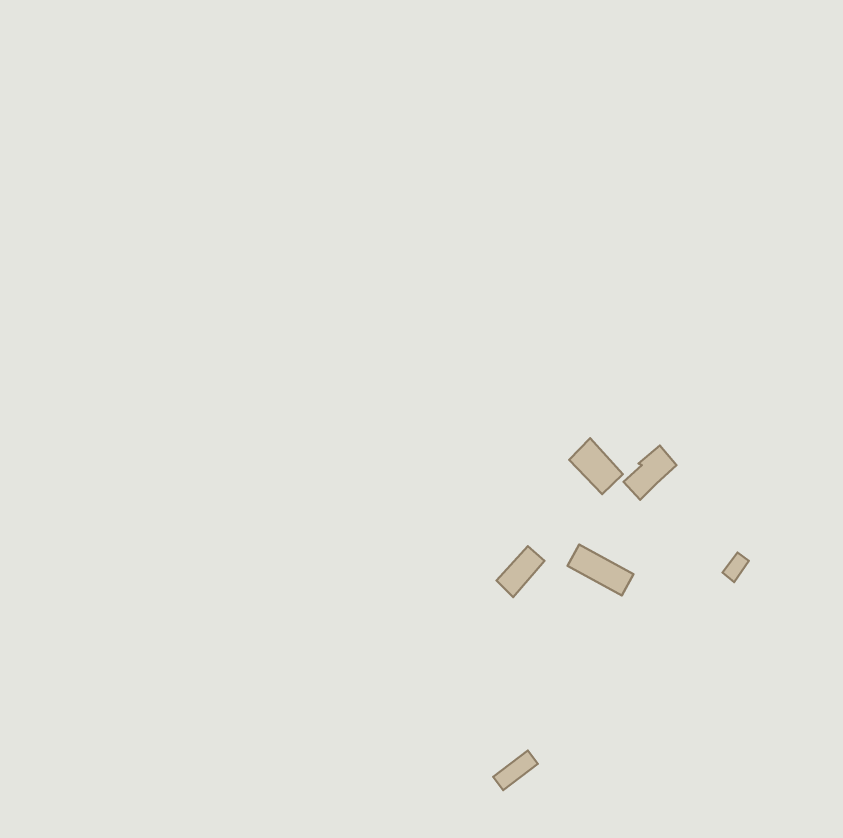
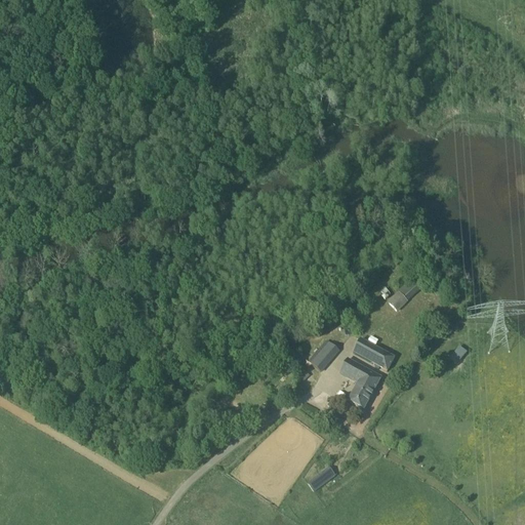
building: [569,438,623,494] -> none
building: none -> [340,358,380,408]

